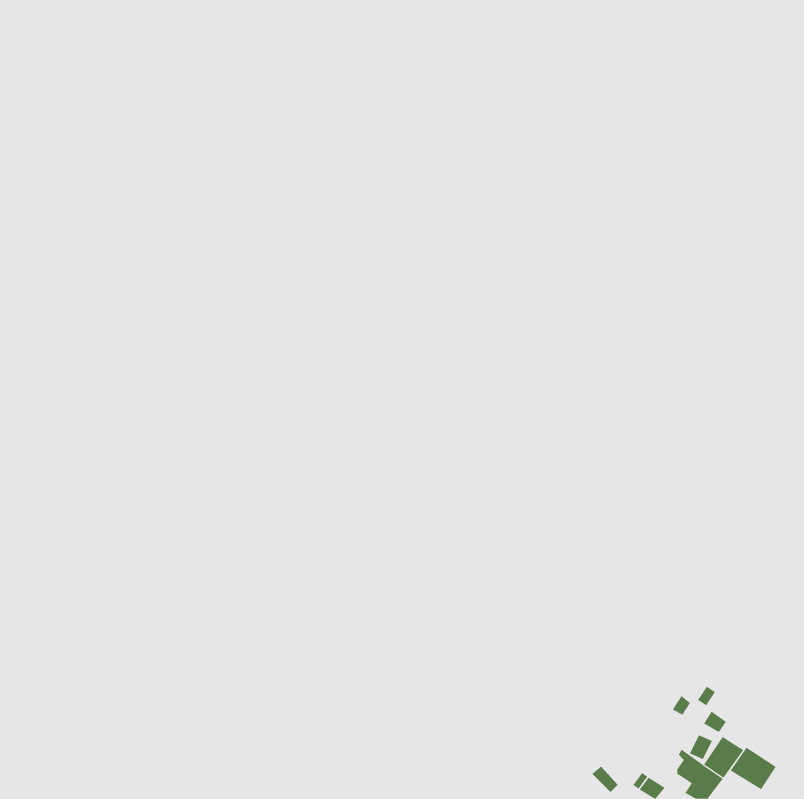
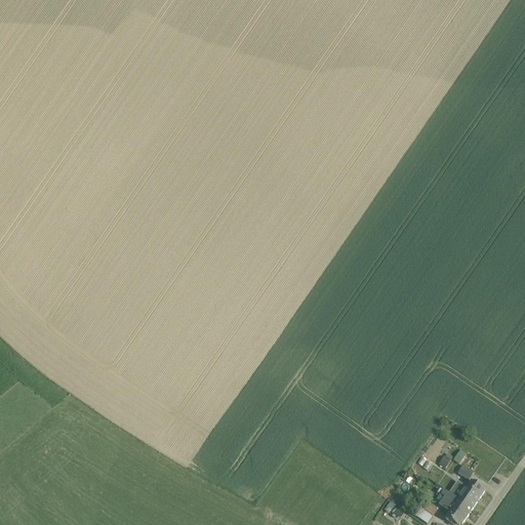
building: [730,747,776,790] -> none

